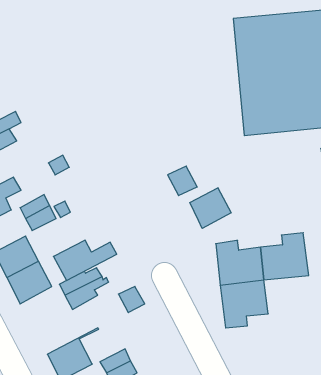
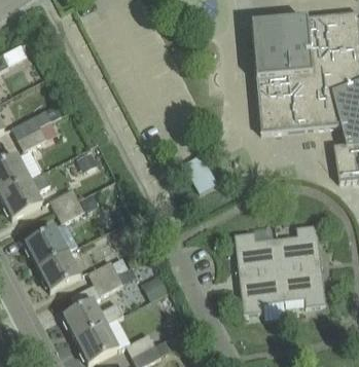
building: [190,188,231,228] -> none
building: [53,240,117,281] -> [64,299,123,337]
building: none -> [280,263,326,305]

